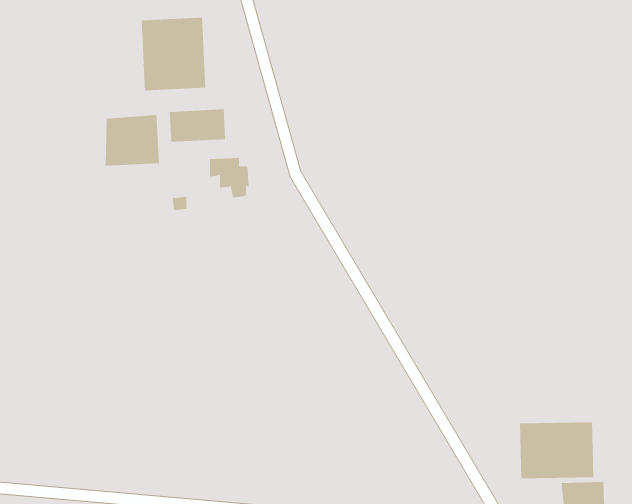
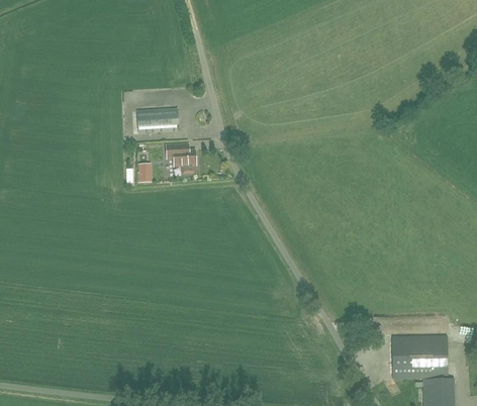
building: [141,17,206,91] -> none
building: [105,114,160,166] -> none

